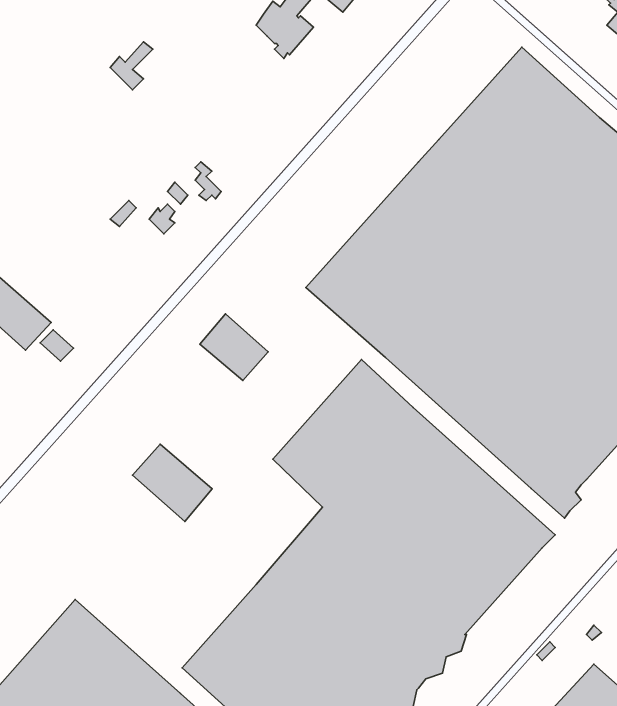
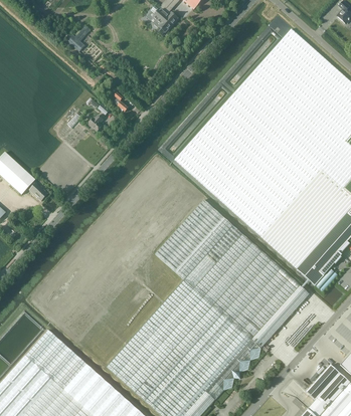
building: [200,314,268,380] -> none
building: [133,444,212,521] -> none

